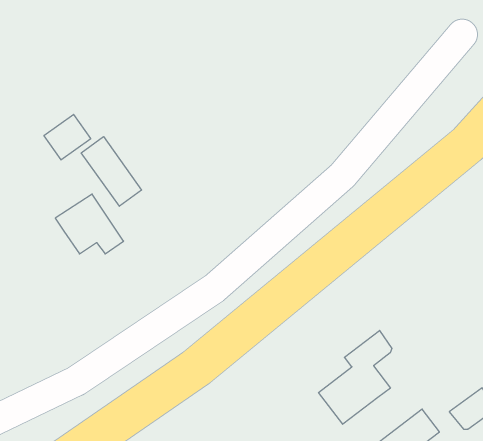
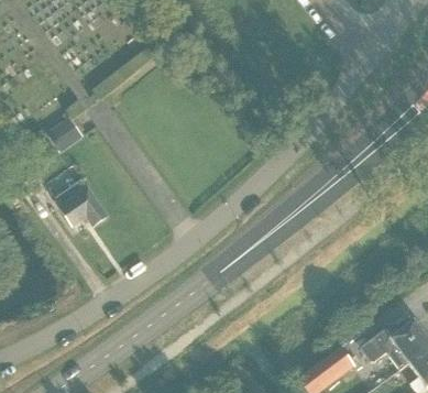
building: [81,137,142,206] -> none
building: [319,330,392,424] -> none

